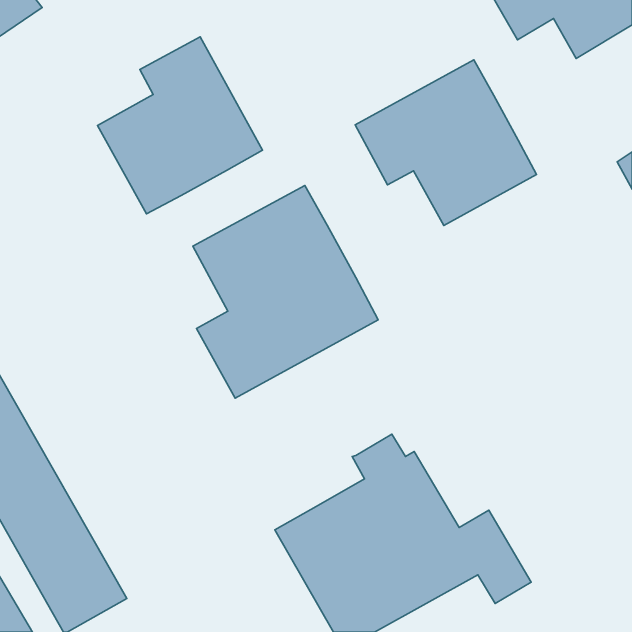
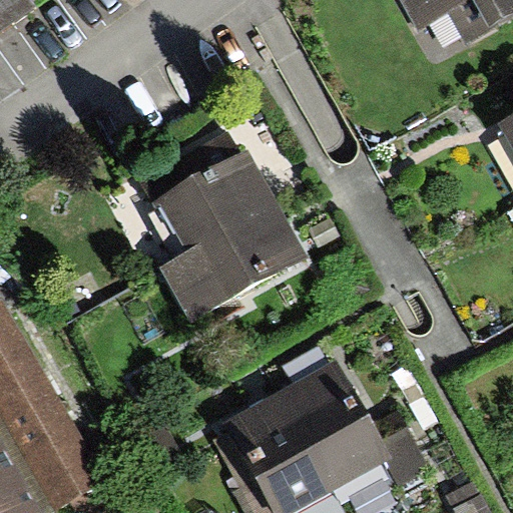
building: [98,37,262,214] -> none
building: [355,60,537,225] -> none

